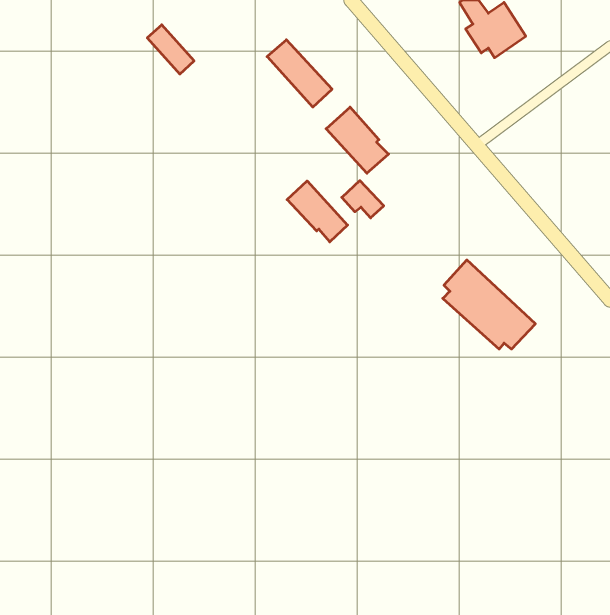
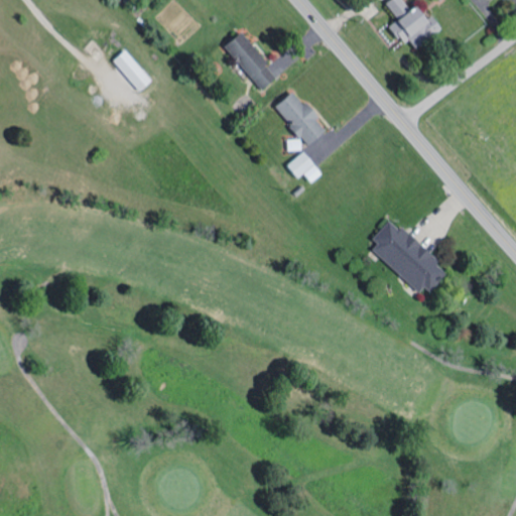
building: [147,25,194,74] -> [113,49,152,91]
building: [287,181,348,242] -> none

